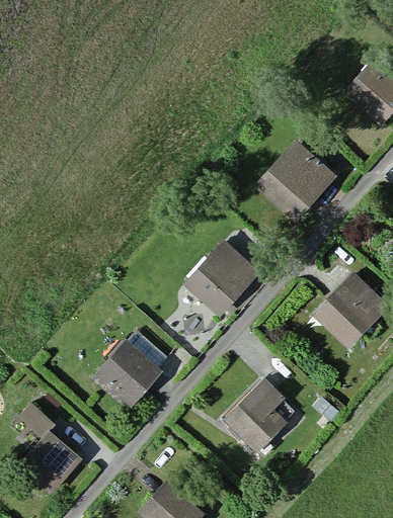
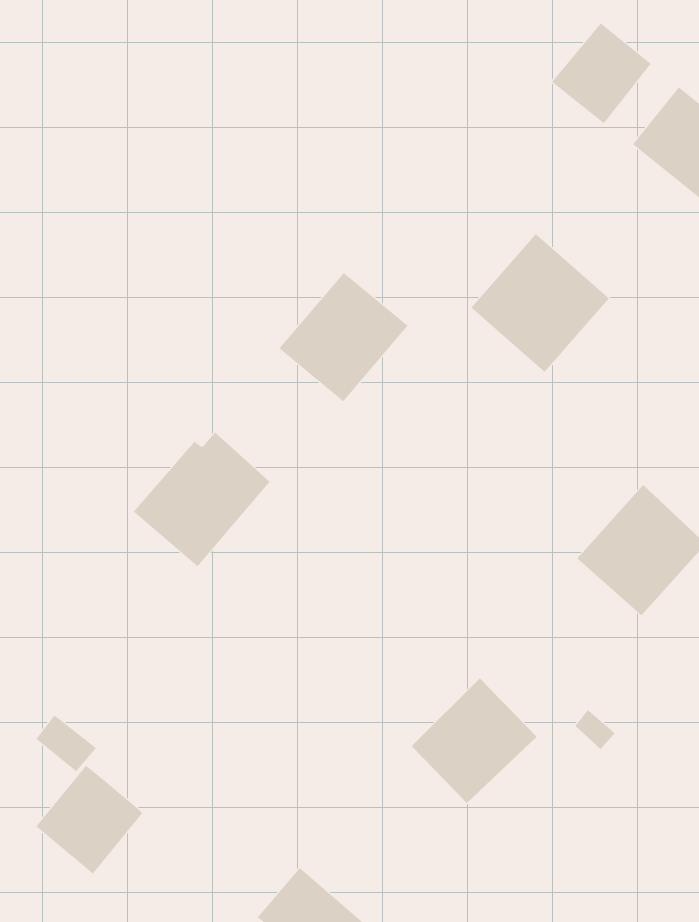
building: none -> [551,22,652,124]
building: [186,240,257,311] -> [278,272,409,402]
building: [93,332,168,406] -> [133,432,270,567]

